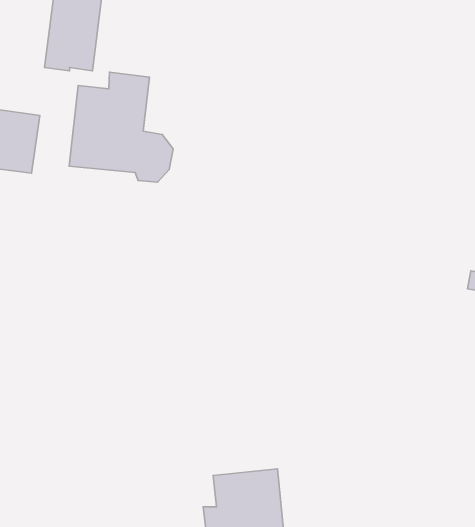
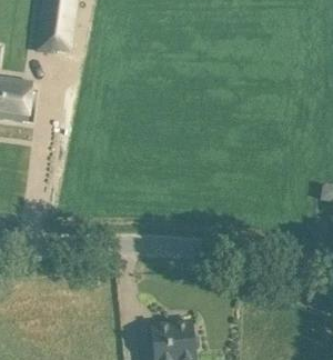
building: [69,72,173,182] -> none

